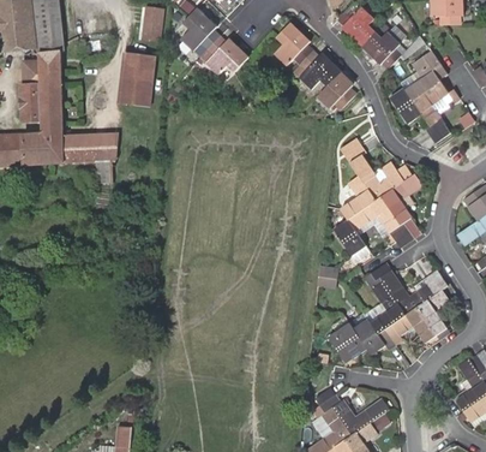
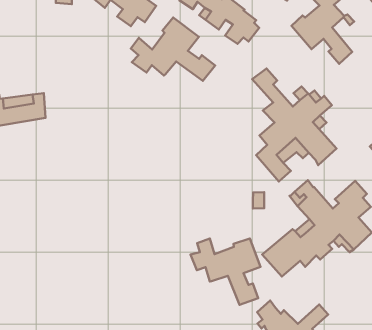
building: [118,53,152,105] -> none
building: none -> [131,17,215,81]
building: none -> [190,238,260,305]

